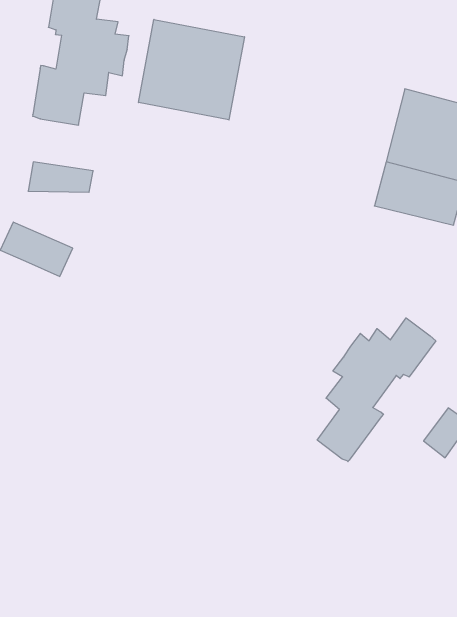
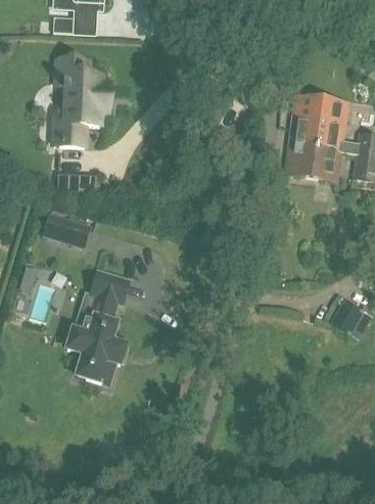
building: [139,19,244,120] -> none
building: none -> [67,269,130,382]
building: [317,318,436,462] -> none

